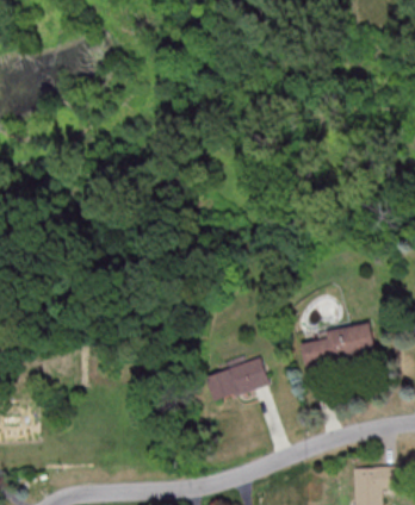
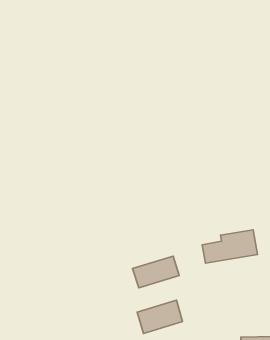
building: none -> [137,300,183,333]

